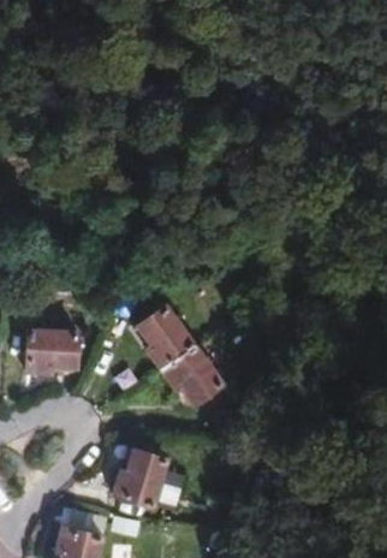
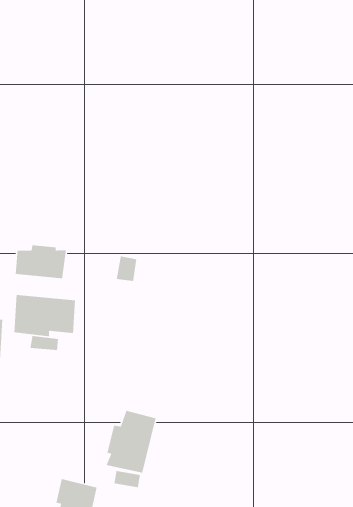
building: none -> [15,245,67,279]
building: [138,307,221,403] -> none

